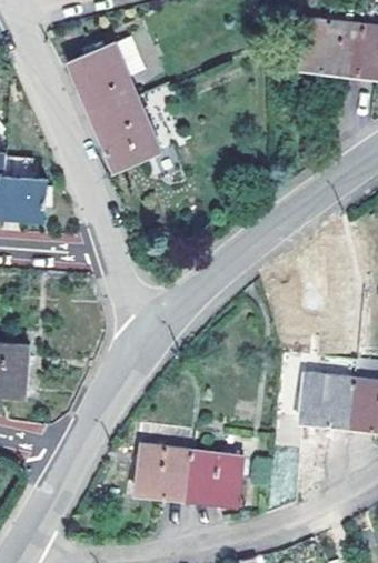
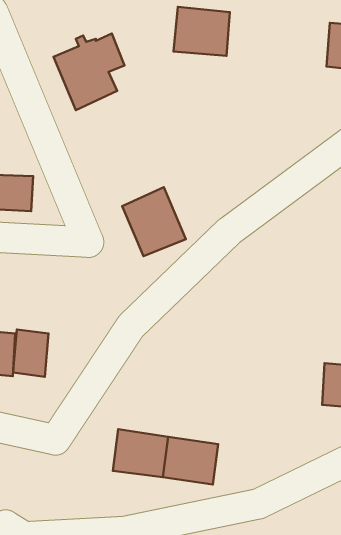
building: [299,20,358,71] -> [173,7,230,56]
building: [92,97,159,169] -> [122,187,186,256]
building: none -> [13,329,48,377]
building: [299,376,352,424] -> none

